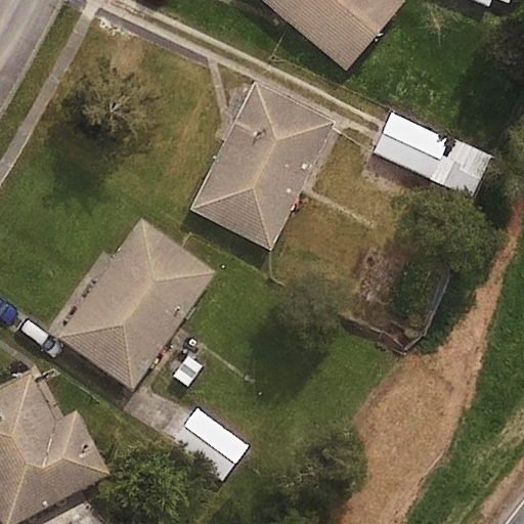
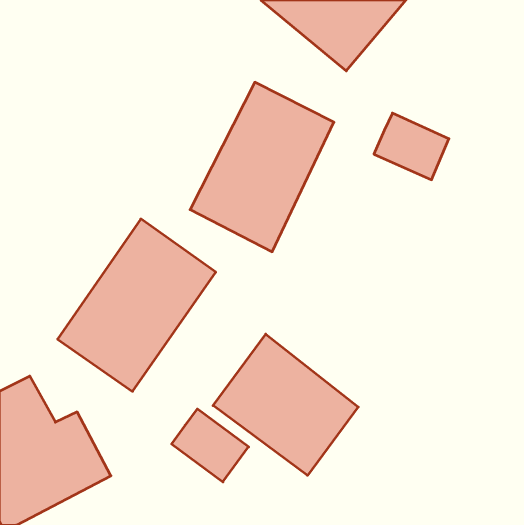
building: none -> [213,334,358,475]

